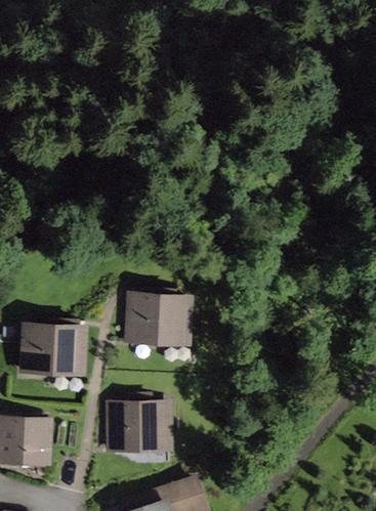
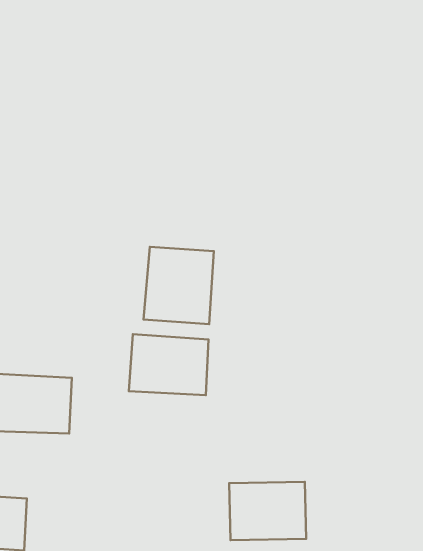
building: none -> [144,247,214,324]
building: [110,402,169,448] -> [229,482,306,540]

